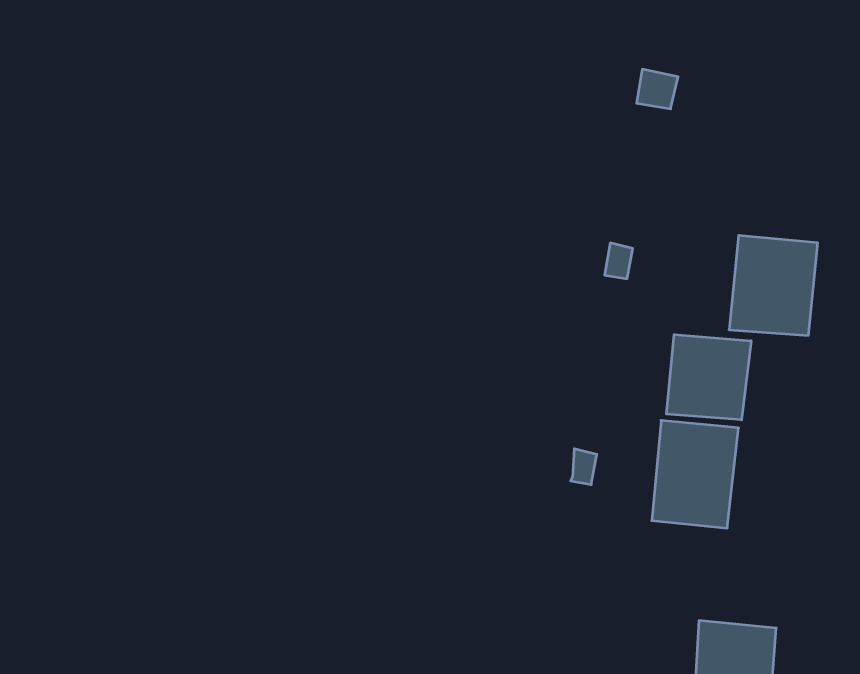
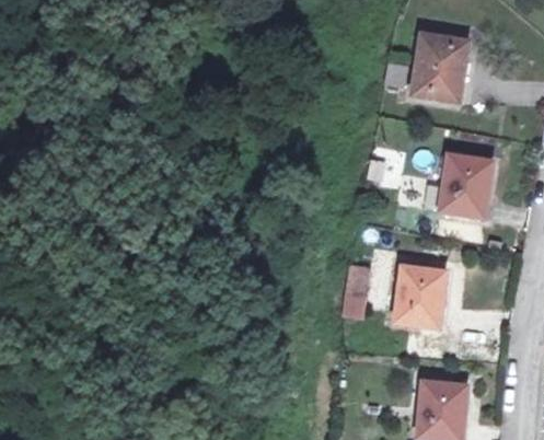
building: none -> [415,33,468,102]
building: [666,335,751,420] -> none

